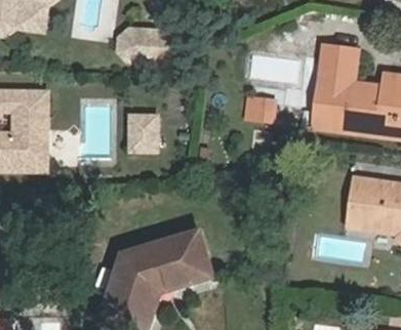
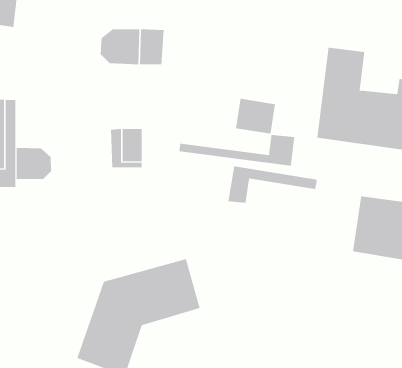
building: none -> [179,134,295,167]
building: none -> [16,147,52,180]
building: none -> [228,166,317,204]

